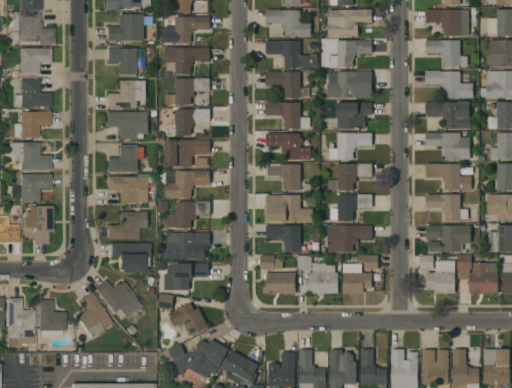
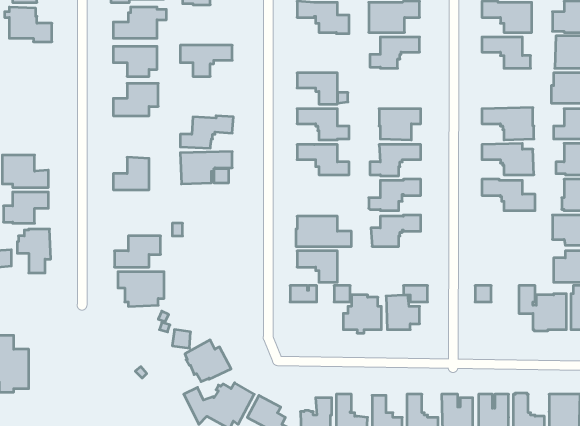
building: [175,16,210,43] -> none
building: [266,40,318,67] -> none
building: [20,48,51,75] -> none
building: [426,70,473,98] -> none
building: [328,71,372,98] -> none
building: [165,78,211,104] -> none
building: [14,79,51,107] -> none
building: [14,111,51,137] -> none
building: [107,112,149,139] -> none
building: [266,163,306,190] -> none
building: [166,170,211,198] -> none
building: [107,174,154,203] -> none
building: [426,194,469,221] -> none
building: [167,201,211,228] -> none
building: [328,225,373,252] -> none
building: [426,225,471,252] -> none
building: [161,232,211,259] -> none
building: [427,260,456,293] -> none
building: [164,263,209,290] -> none
building: [264,273,296,293] -> none
building: [94,280,142,318] -> none
building: [76,292,113,338] -> none
building: [38,300,66,338] -> none

